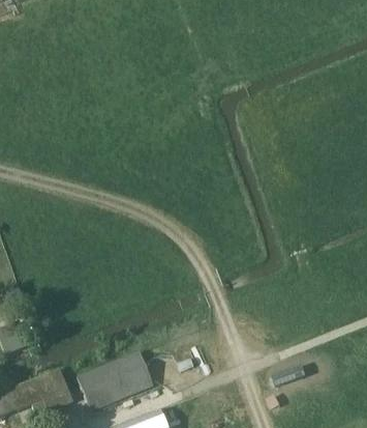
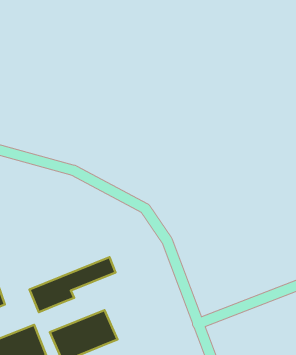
building: none -> [30,257,115,312]

